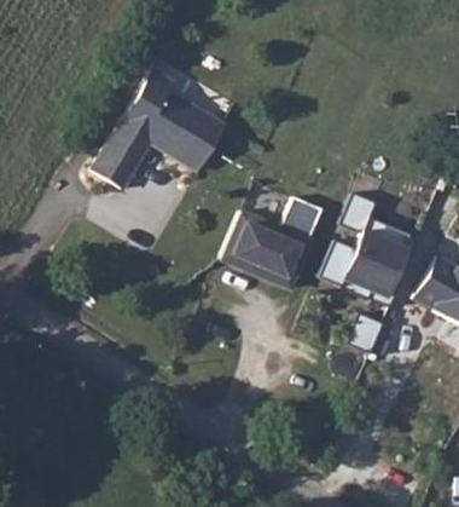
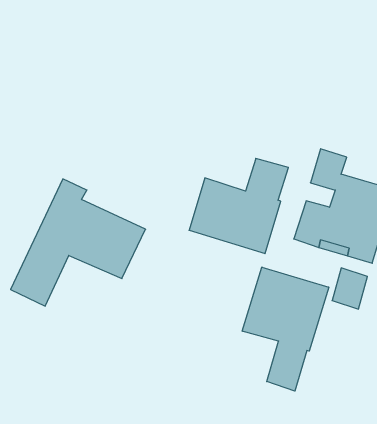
building: [92,69,227,189] -> [11,179,146,306]
building: none -> [242,267,329,391]

